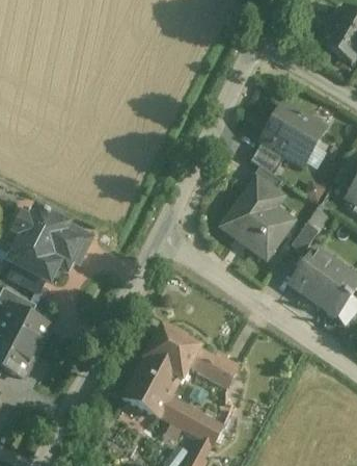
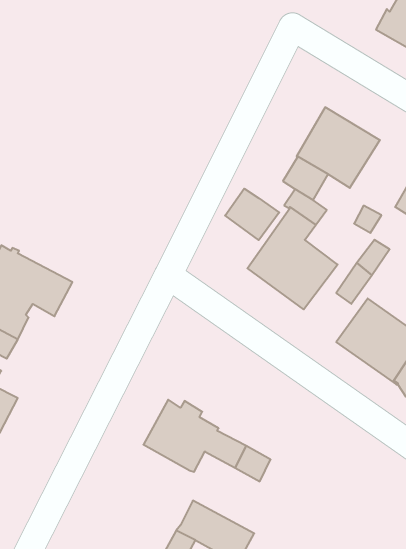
building: none -> [225,189,279,240]
building: [122,359,181,420] -> none

